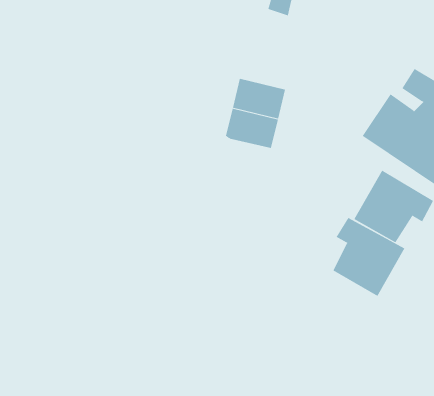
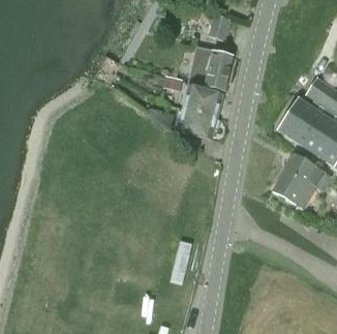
building: none -> [188,45,233,90]
building: [332,217,405,297] -> none

